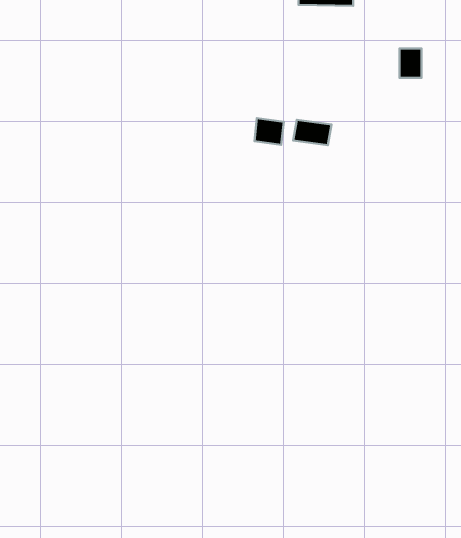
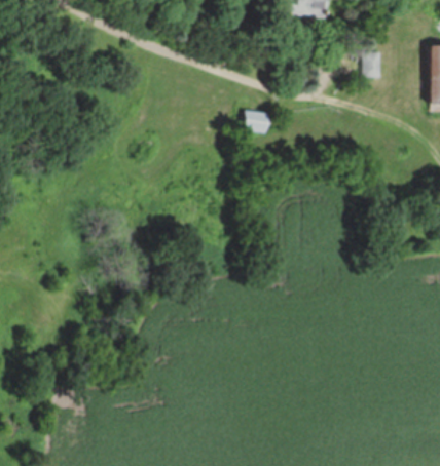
building: [293,120,332,145] -> none

